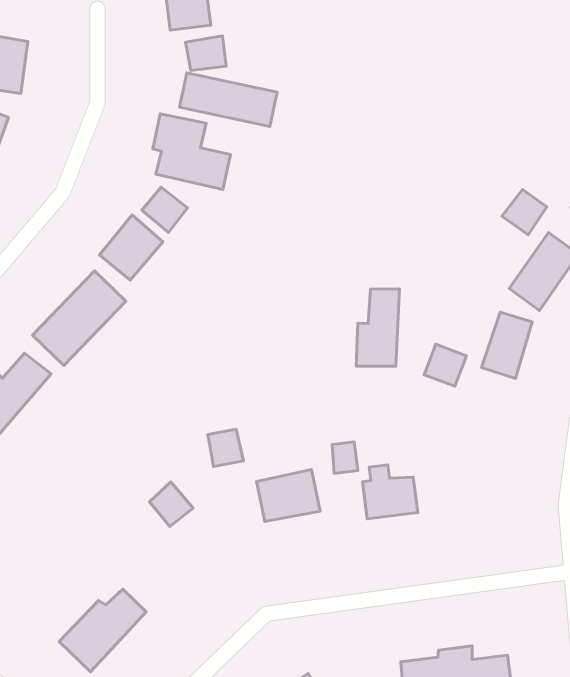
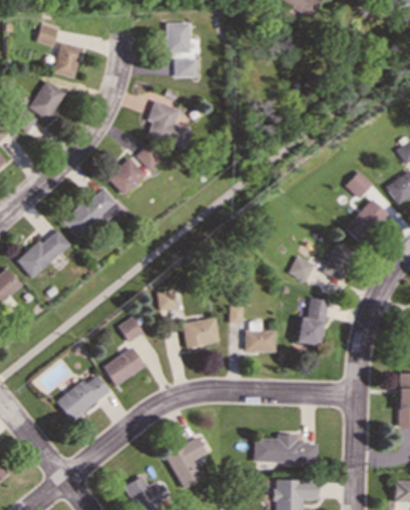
building: [180,73,277,126] -> none
building: [356,289,400,366] -> [297,298,328,345]
building: none -> [103,348,145,384]

